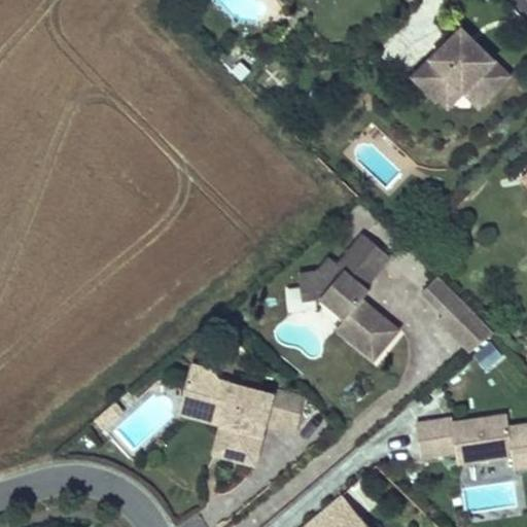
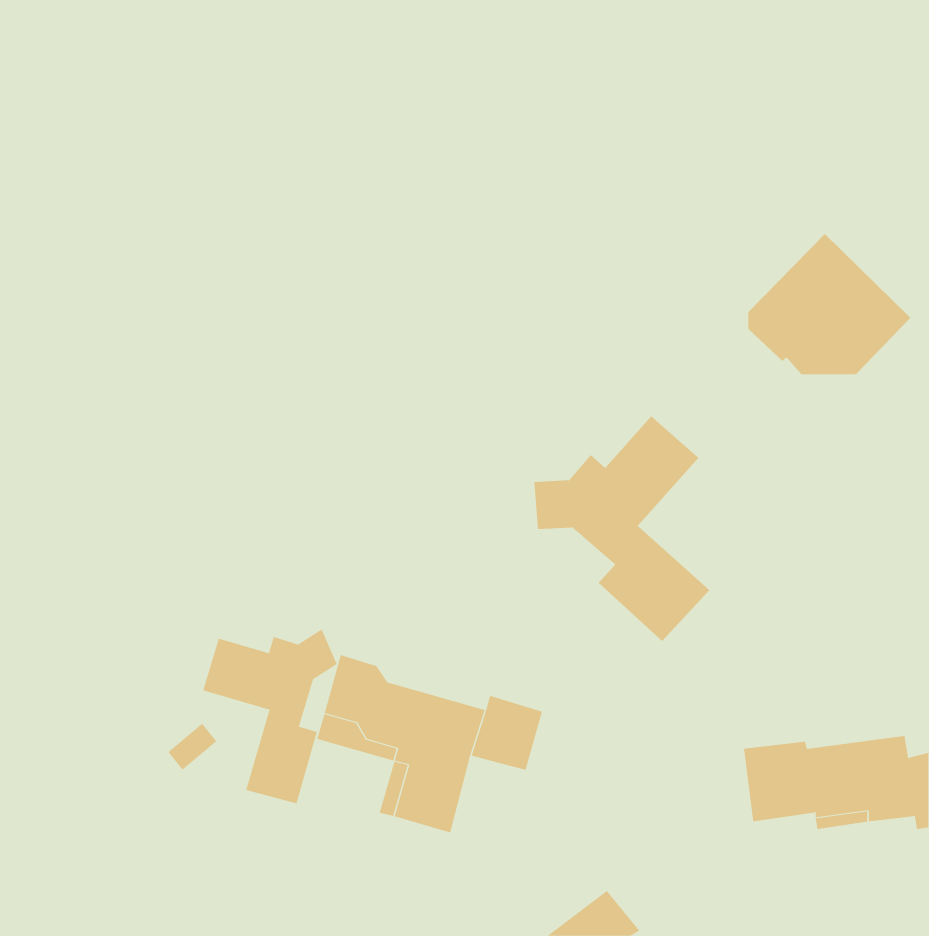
building: [416,29,507,108] -> [747,233,911,375]
building: [423,274,499,352] -> none
building: none -> [203,629,338,804]

